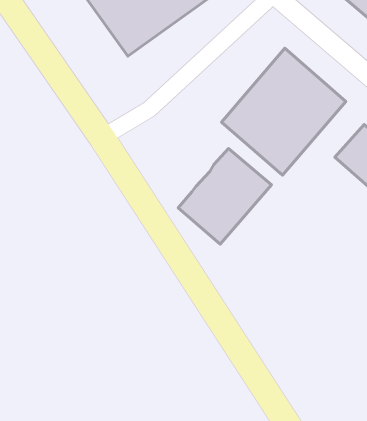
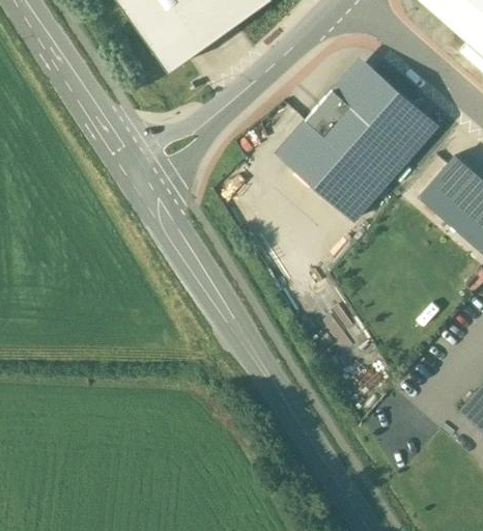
building: [178,148,272,244] -> none

